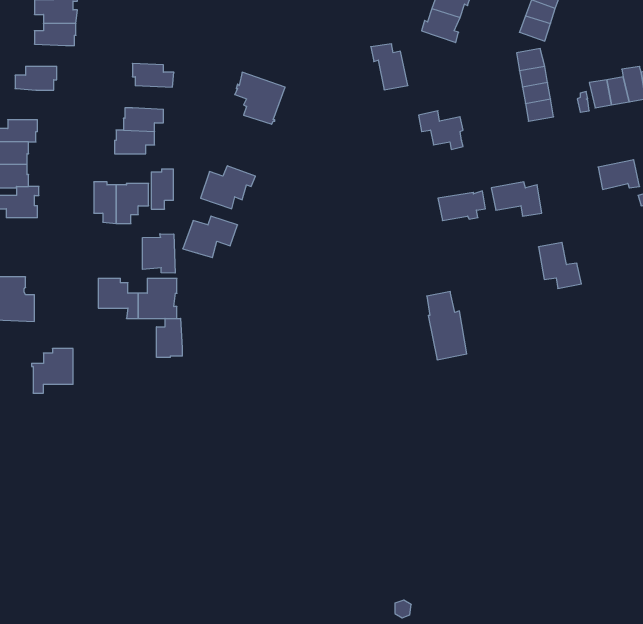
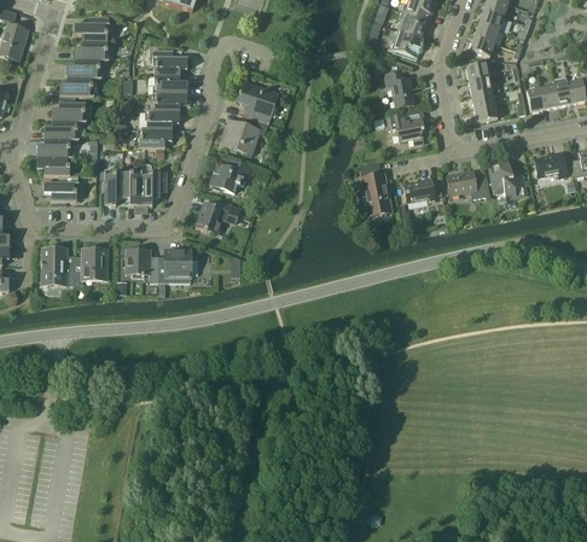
building: none -> [153,48,188,75]
building: [371,44,408,90] -> [385,70,415,107]
building: none -> [68,58,100,77]
building: none -> [155,92,187,111]
building: none -> [53,94,85,121]
building: none -> [223,116,268,153]
building: [151,169,173,209] -> [105,170,123,203]
building: [143,234,175,273] -> none
building: [538,242,581,288] -> [490,159,525,197]
building: [427,292,467,360] -> [360,161,393,216]
building: [157,318,182,357] -> none
building: [32,349,73,393] -> [74,247,107,284]

